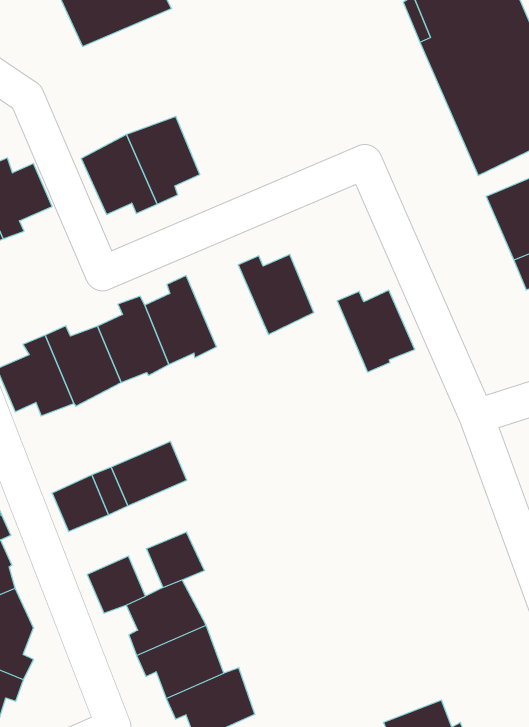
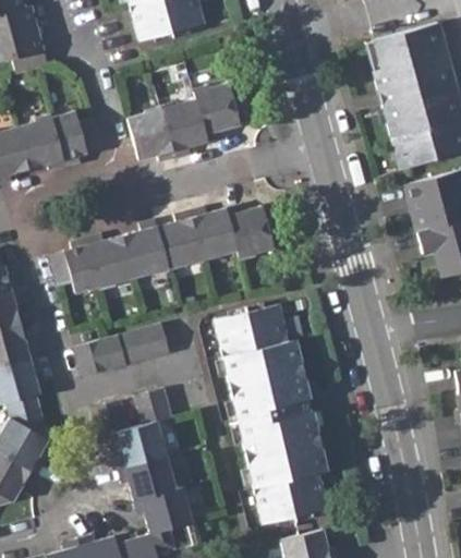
building: none -> [193,83,240,142]
building: [337,290,415,372] -> [187,206,236,263]
building: none -> [214,304,327,524]

